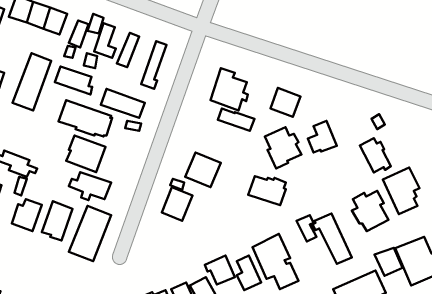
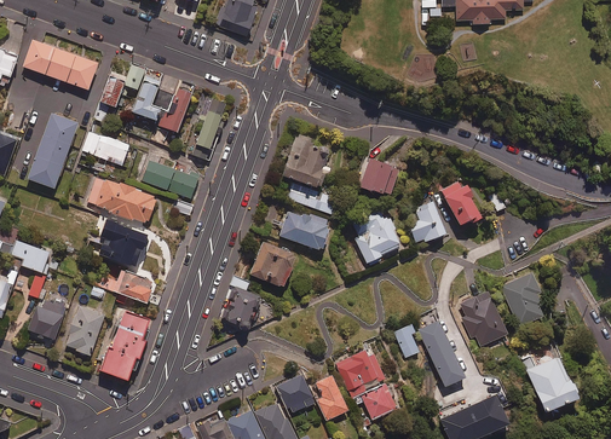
building: [360,138,391,173] -> [440,180,480,225]
building: [248,176,286,205] -> [278,212,327,249]
building: [375,248,403,276] -> none

